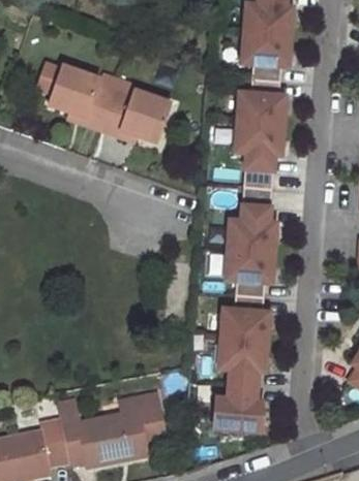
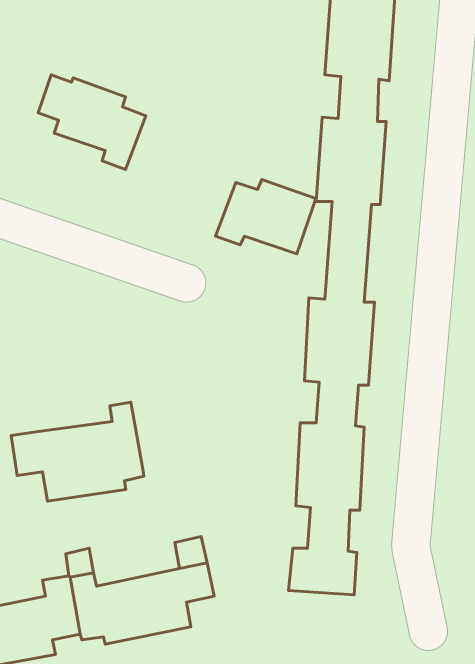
building: [99,90,171,142] -> [215,179,316,254]
building: none -> [11,402,144,501]

